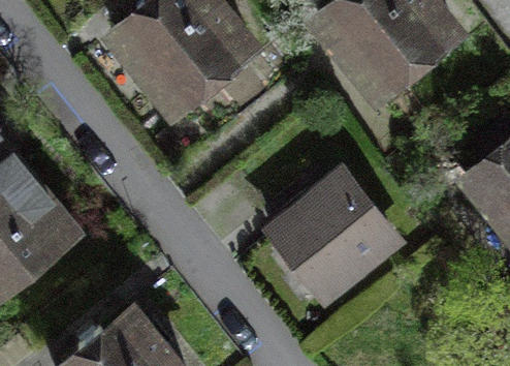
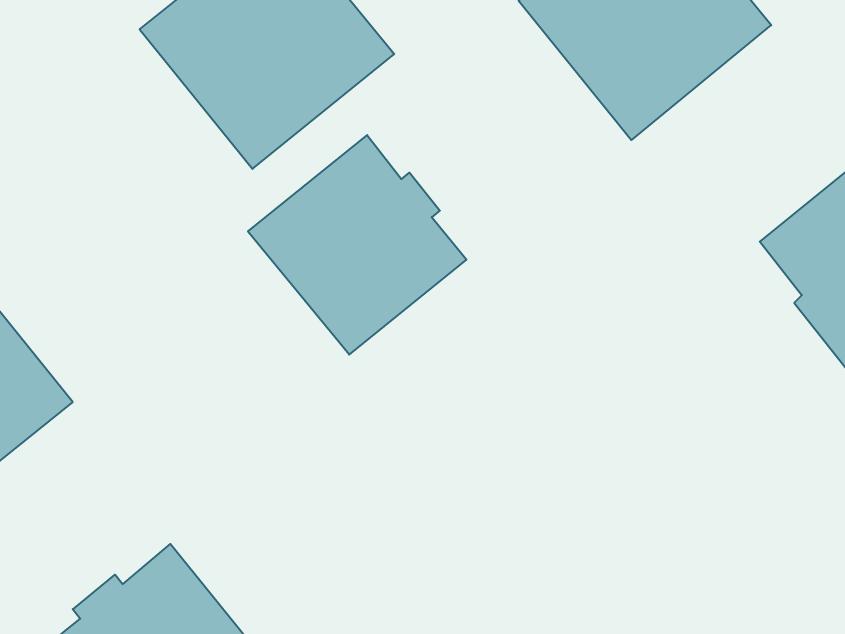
building: none -> [248,135,466,355]
building: [276,182,394,300] -> none

